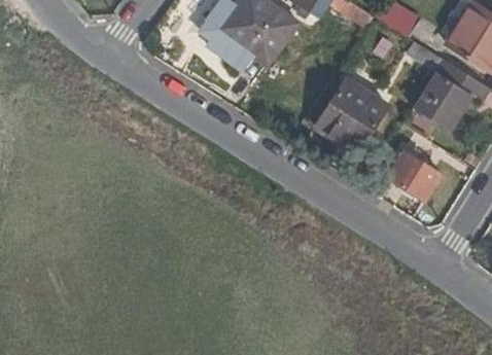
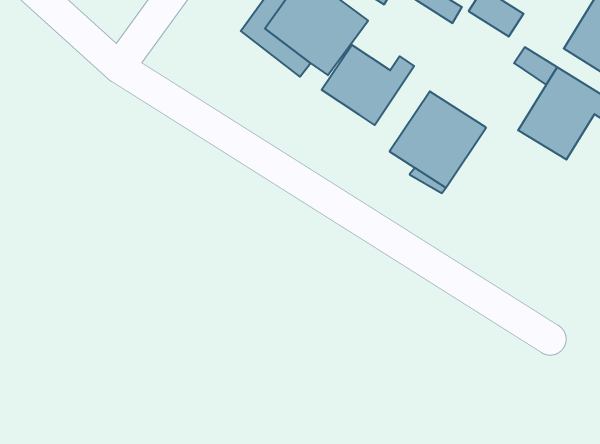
building: none -> [322,45,414,125]
building: [387,151,441,201] -> none

